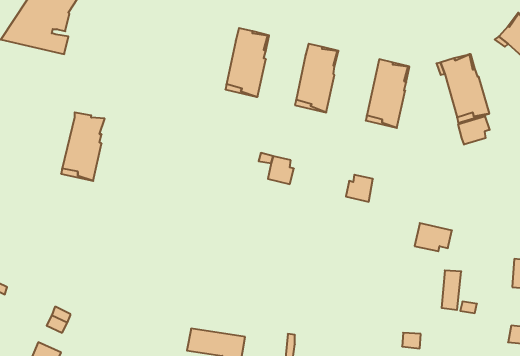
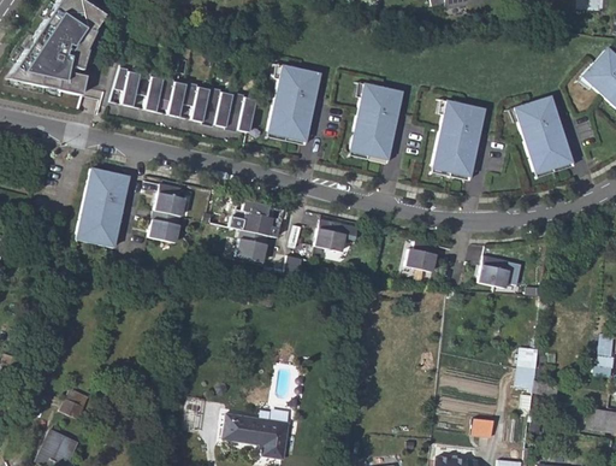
building: none -> [114,69,255,132]
building: [458,116,490,145] -> none
building: none -> [150,178,186,236]
building: none -> [238,199,276,256]
building: [415,223,452,251] -> [479,249,522,282]

